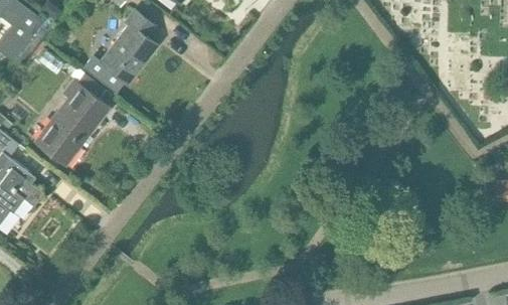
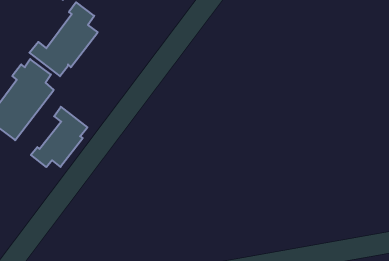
building: none -> [31,107,87,167]

